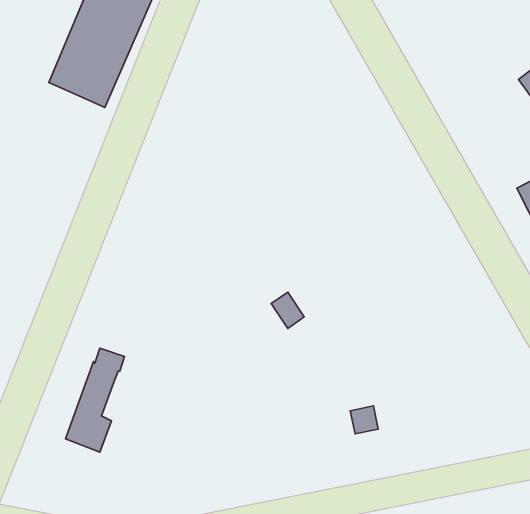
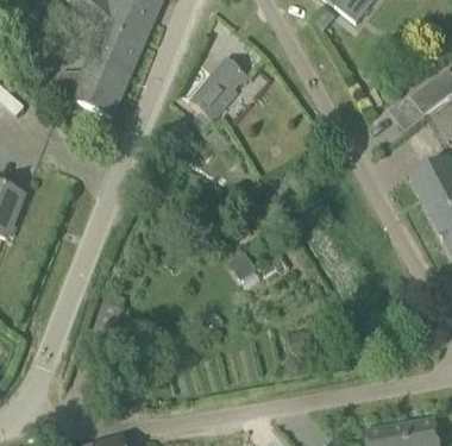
building: none -> [193,57,250,120]

